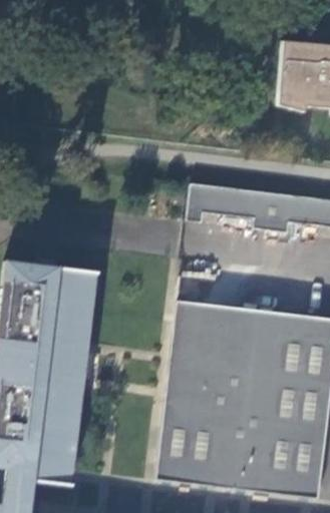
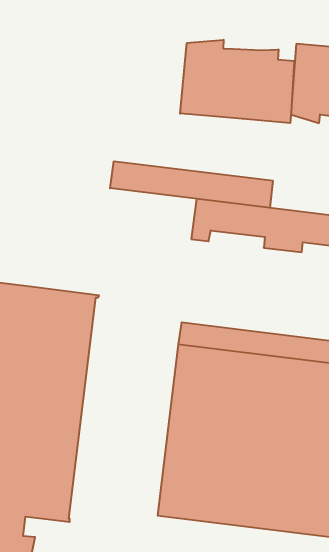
building: none -> [180,40,294,123]
building: none -> [110,161,273,208]

